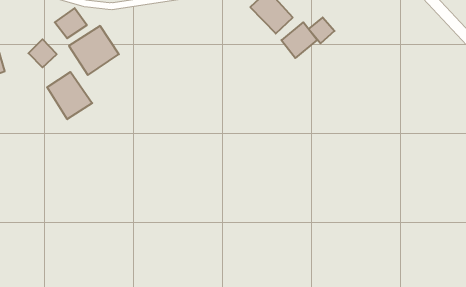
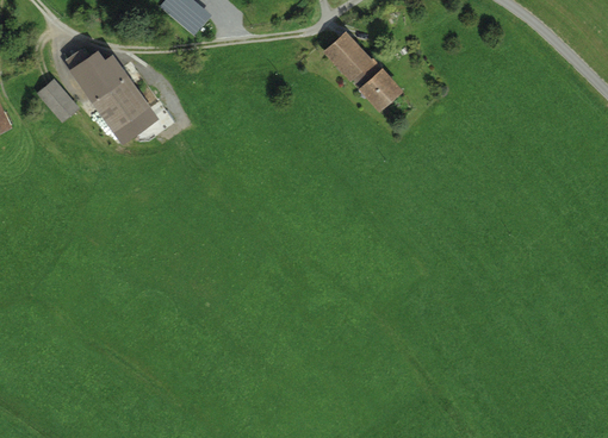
building: [309,17,335,43] -> none
building: [47,72,92,119] -> none

